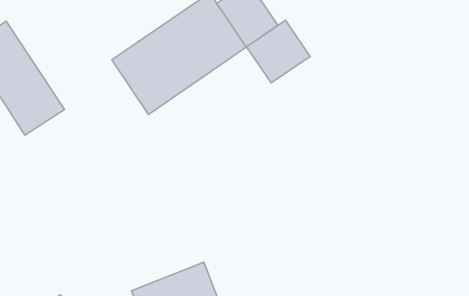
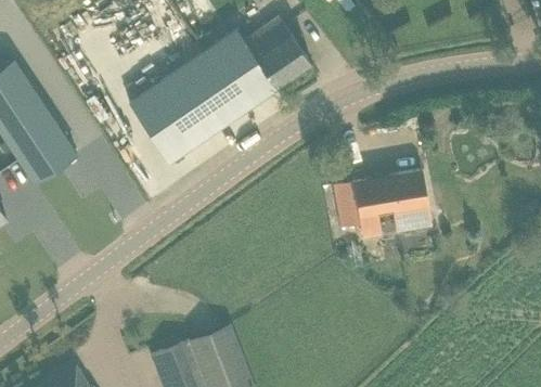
building: [247,20,310,83] -> none
building: none -> [333,170,431,237]

